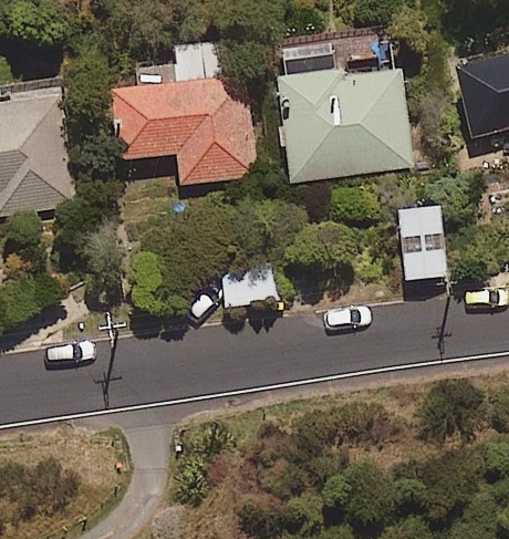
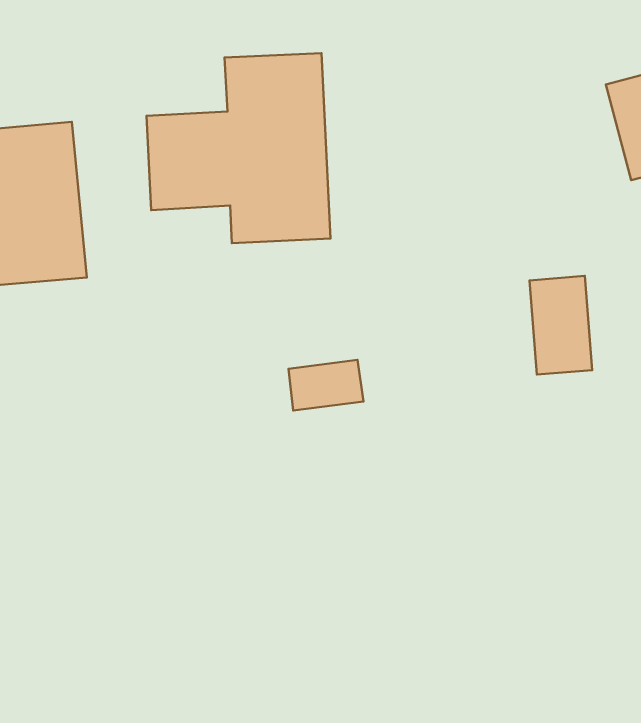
building: [274,37,412,182] -> none

